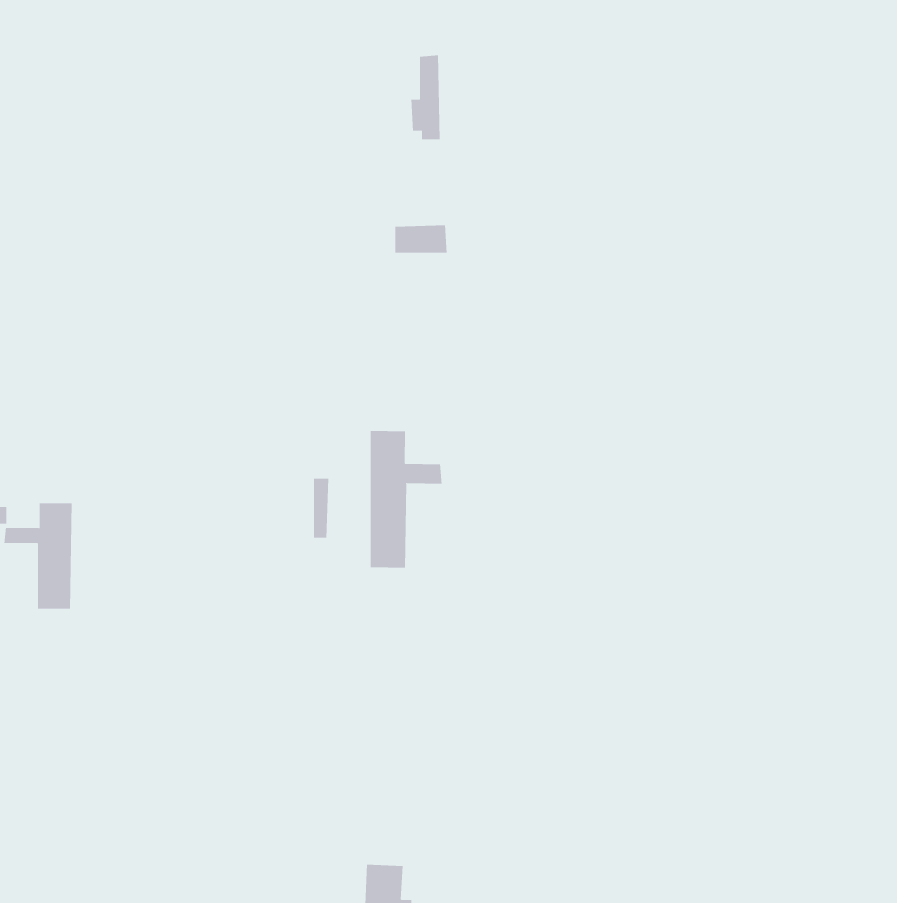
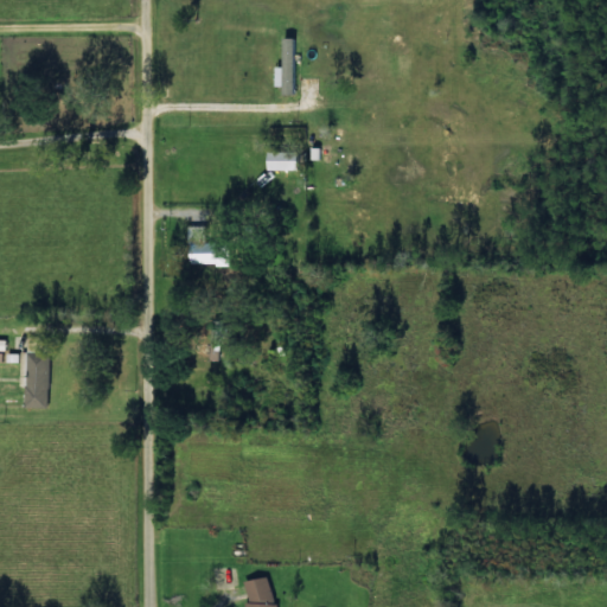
building: none -> [187,226,224,266]
building: [370,430,442,569] -> none

